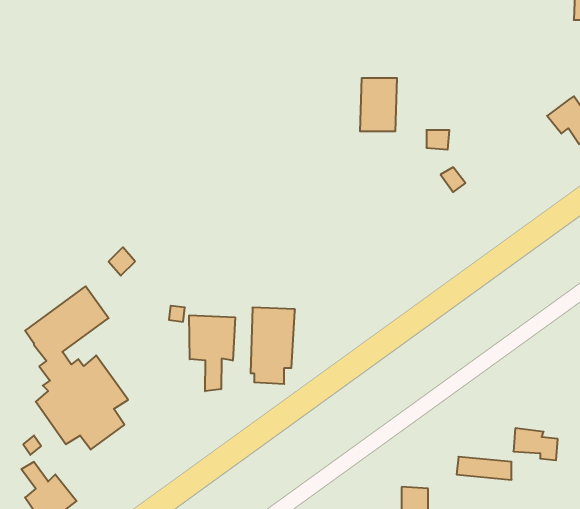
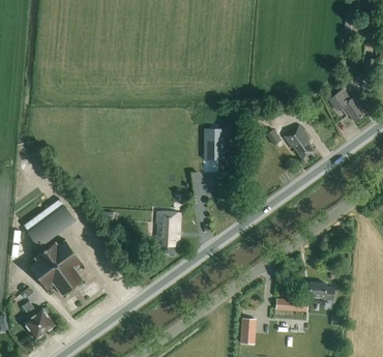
building: [360,78,397,131] -> [203,129,225,160]
building: none -> [283,125,315,159]
building: [189,315,235,391] -> none

